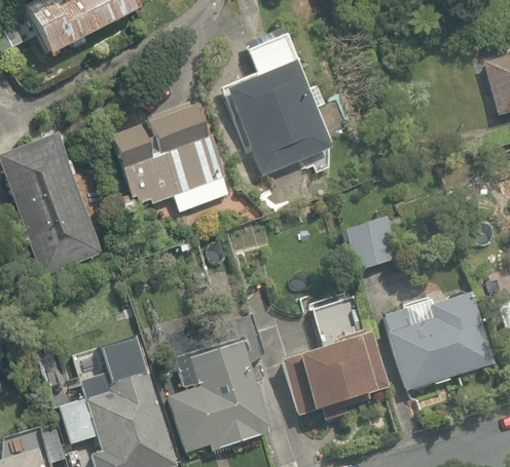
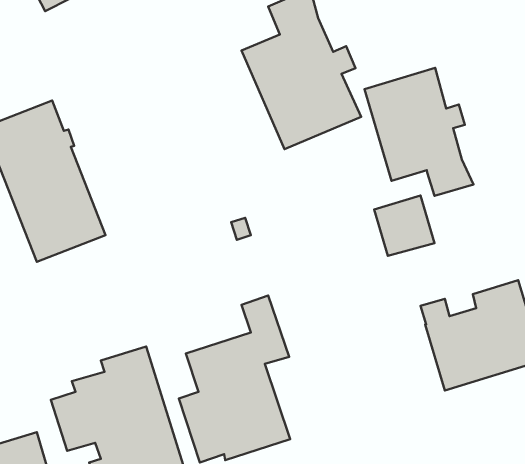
building: [111,101,231,216] -> none
building: none -> [365,68,474,196]
building: [282,328,389,420] -> none

